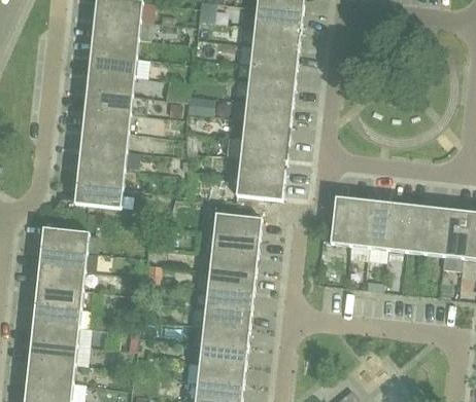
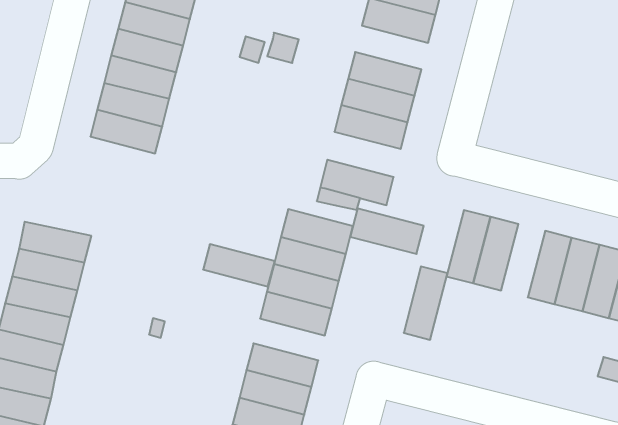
building: [246,82,295,106] -> none
building: [238,156,286,181] -> [350,209,424,254]
building: [74,183,122,207] -> none
building: [368,200,392,249] -> [404,266,447,340]
building: [40,227,89,250] -> none
building: [206,289,253,312] -> [203,244,275,286]

